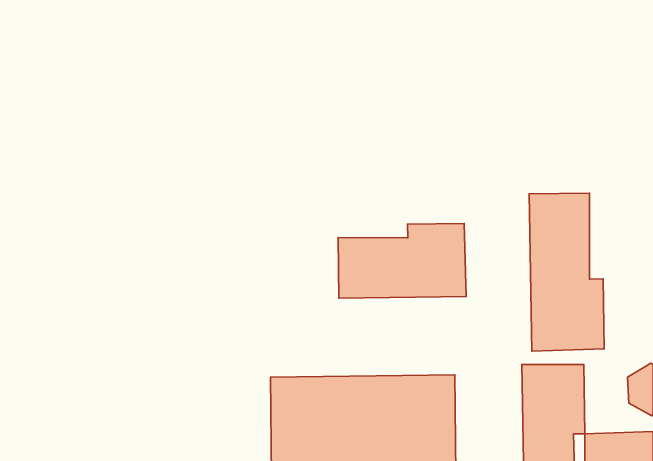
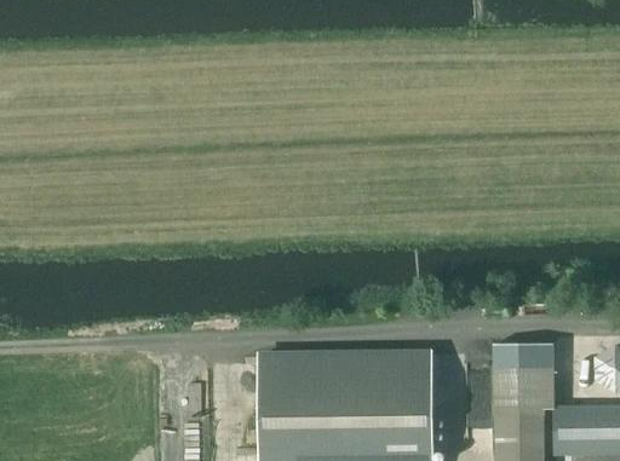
building: [529,193,604,351] -> none
building: [338,224,466,298] -> none

